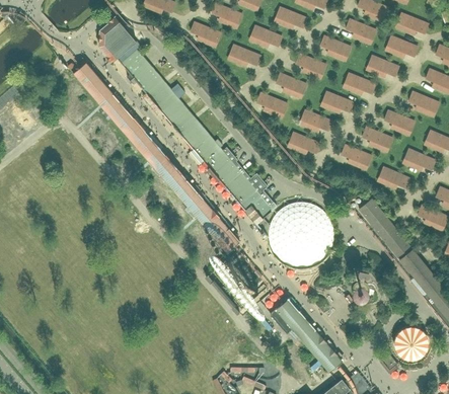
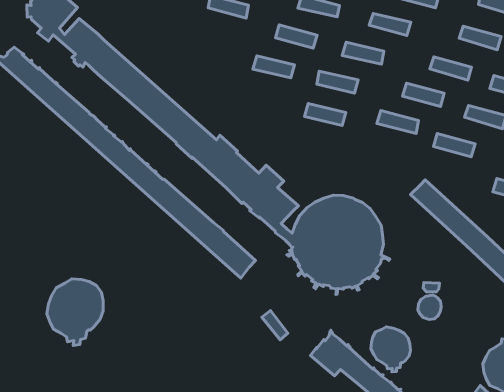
building: none -> [47,279,103,346]
building: none -> [371,327,411,372]

